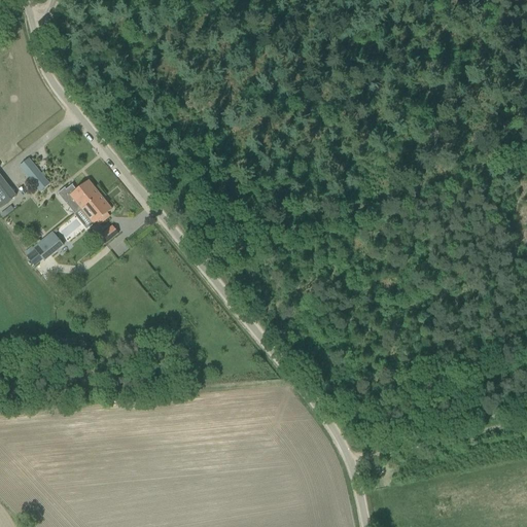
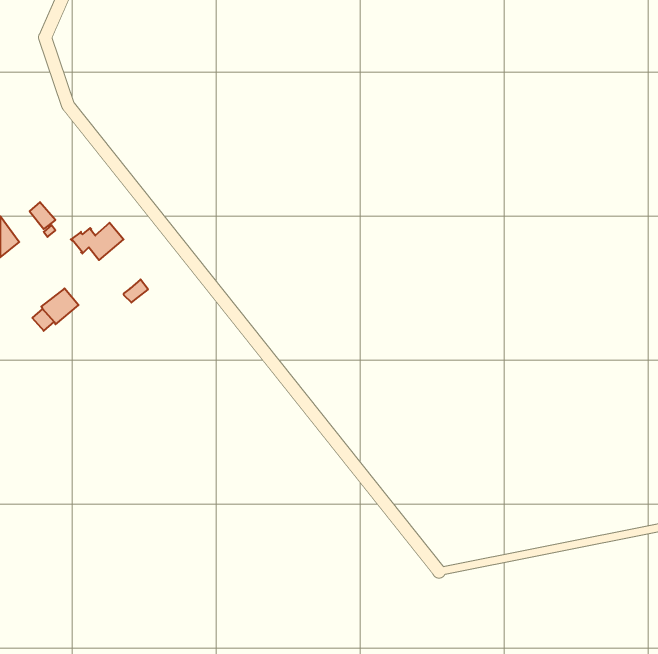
building: [76,191,111,223] -> none

